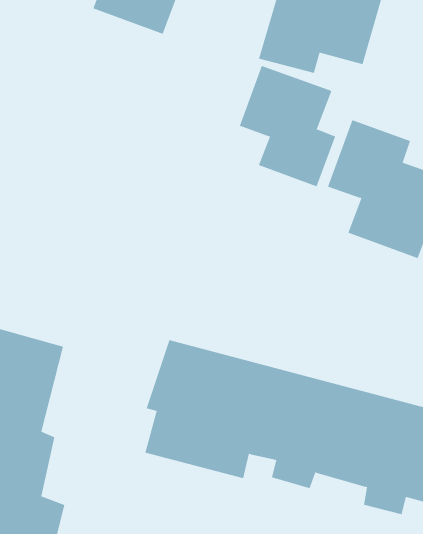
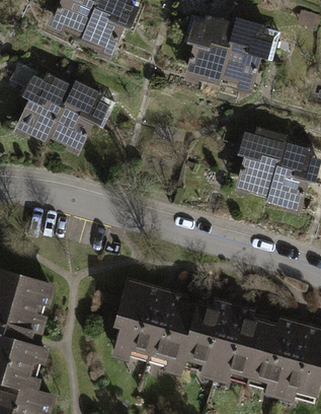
building: none -> [12,75,109,153]
building: [239,65,336,187] -> none

